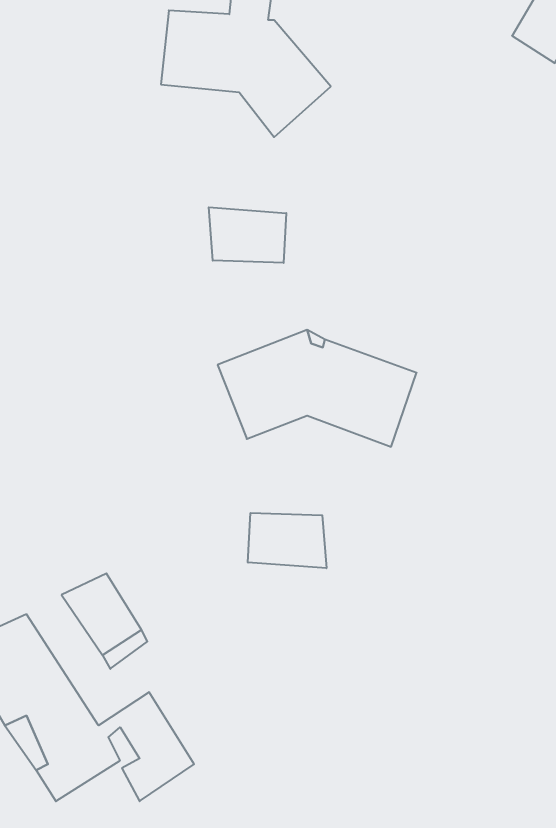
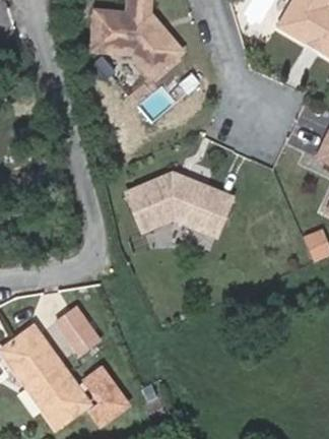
building: [209,207,286,263] -> none
building: [248,513,326,568] -> none

